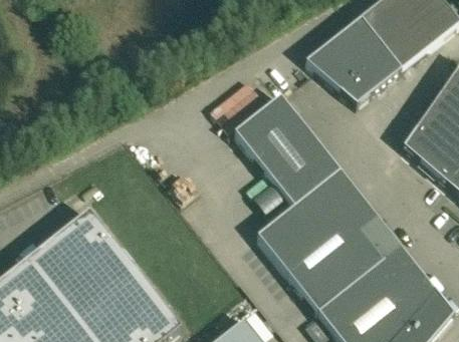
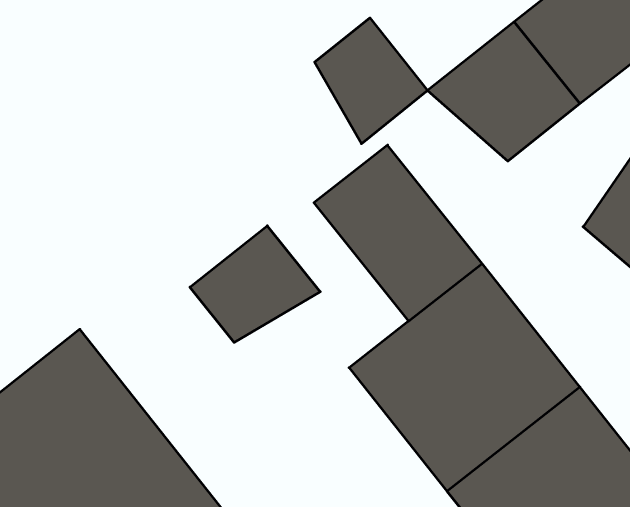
building: none -> [315,18,428,144]
building: none -> [190,226,320,342]

